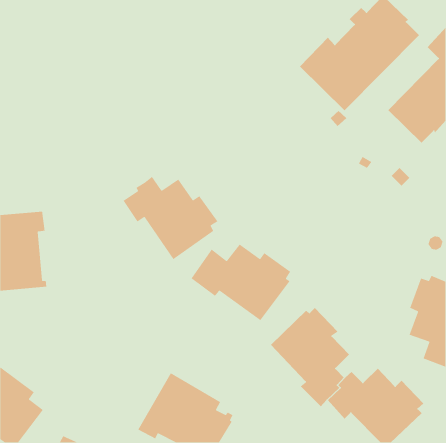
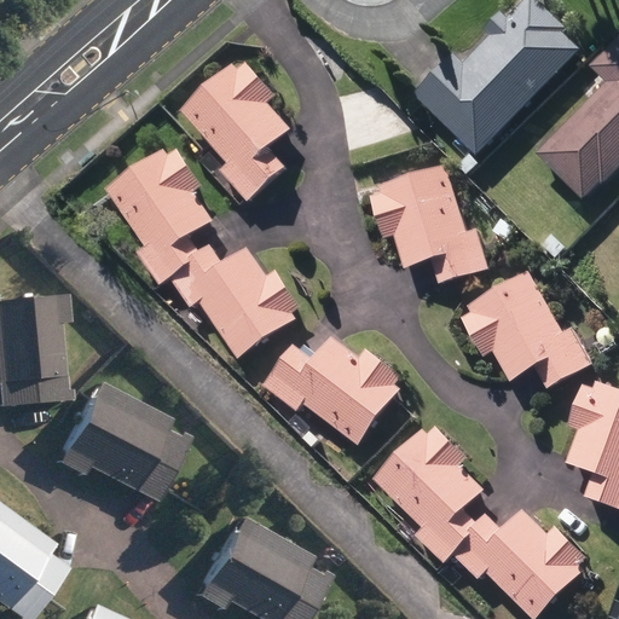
building: none -> [180,63,290,199]
building: none -> [106,147,213,284]
building: none -> [370,164,487,284]
building: none -> [459,272,592,388]
building: none -> [51,378,184,501]

